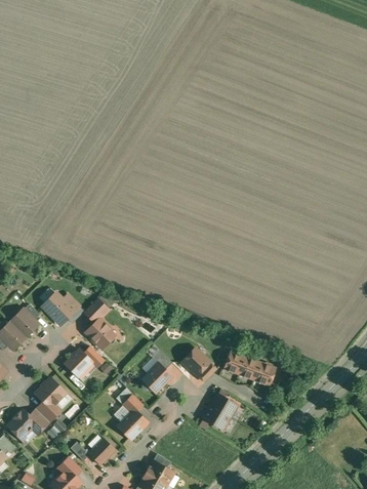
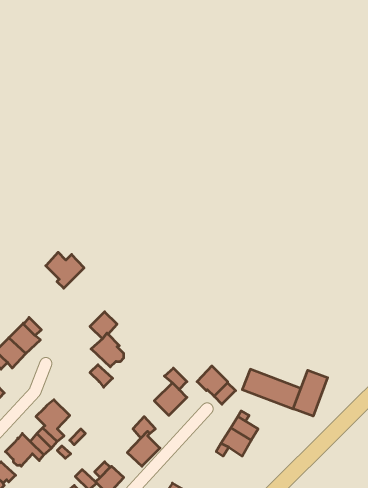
building: [44,292,79,325] -> [46,252,84,288]
building: [65,349,92,376] -> none
building: none -> [293,370,328,416]

